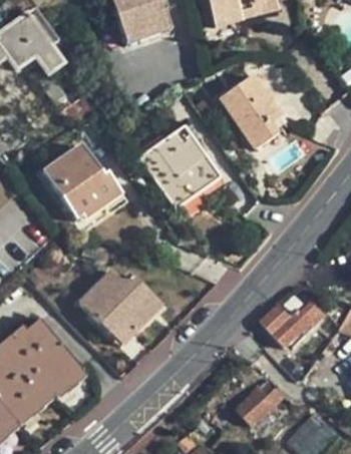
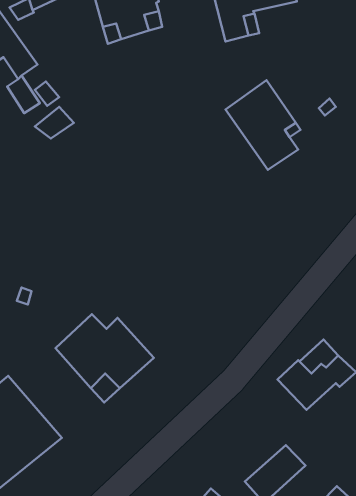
building: [137,124,218,206] -> none
building: [44,145,122,219] -> none

